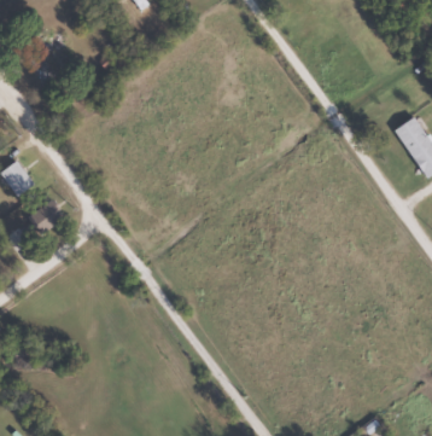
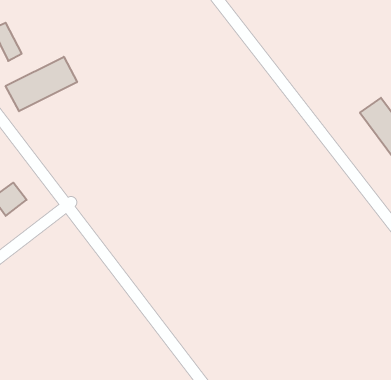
building: none -> [6,57,77,111]

